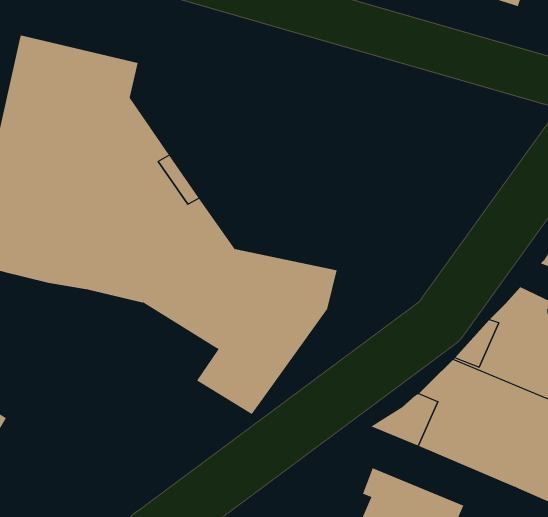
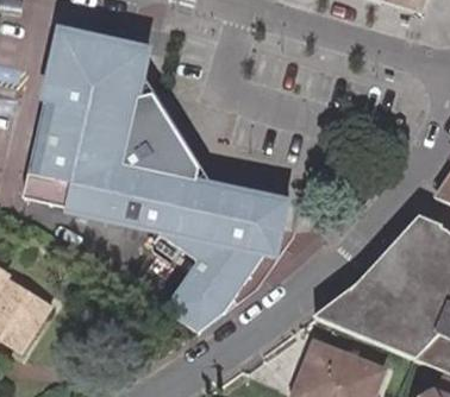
building: none -> [169,281,229,328]

